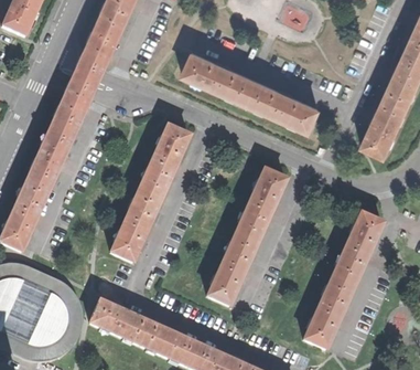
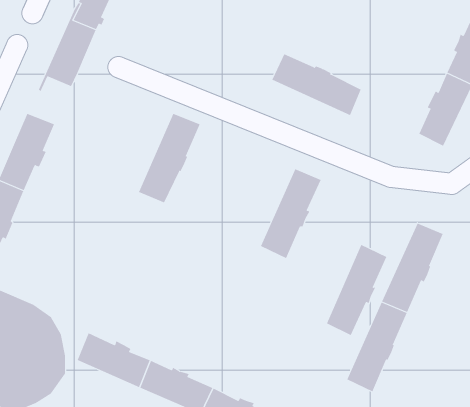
building: [183,52,255,101] -> none
building: [51,98,88,136] -> none
building: [111,190,160,262] -> none
building: [208,233,257,306] -> [326,244,387,336]

